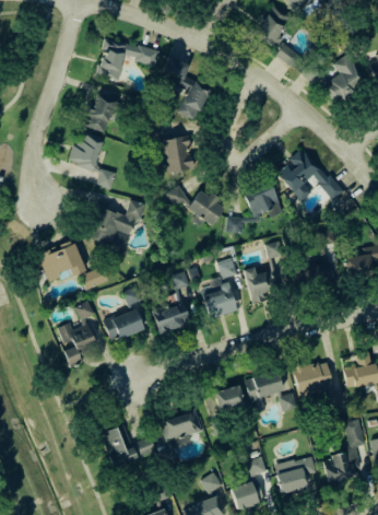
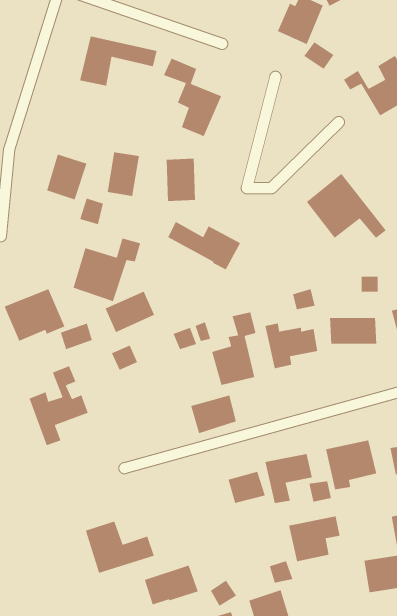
building: [87,96,114,132] -> [107,151,140,197]
building: [226,184,282,233] -> none
building: [152,302,189,333] -> [190,394,237,434]
building: [103,308,143,342] -> [104,290,155,333]
building: [160,411,203,444] -> [144,564,199,606]
building: [274,457,316,494] -> [288,515,340,562]

